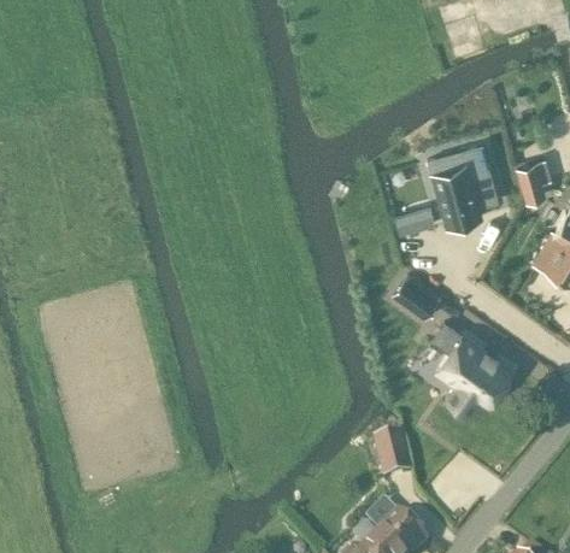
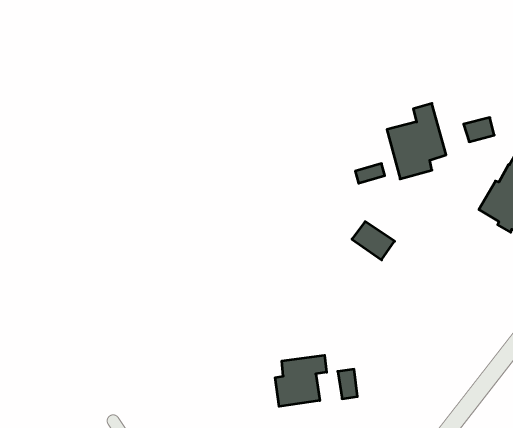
building: [430,319,512,411] -> none
building: none -> [275,355,327,406]

